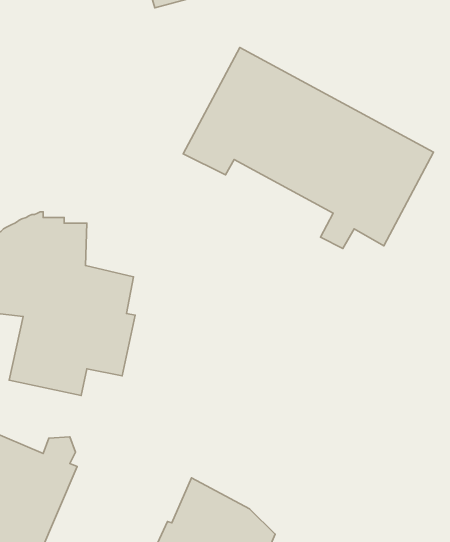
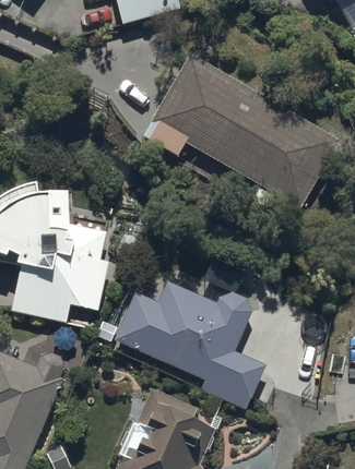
building: none -> [94,281,267,411]

